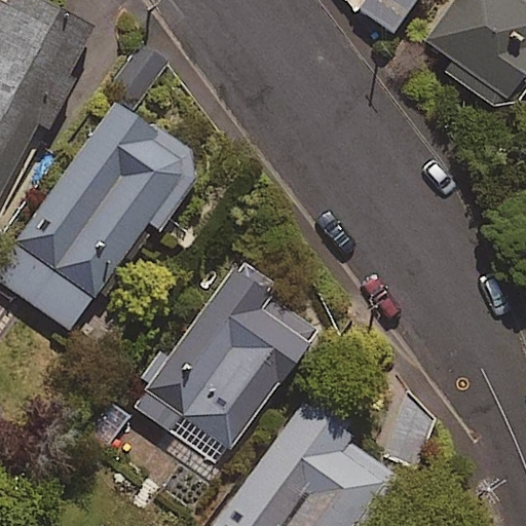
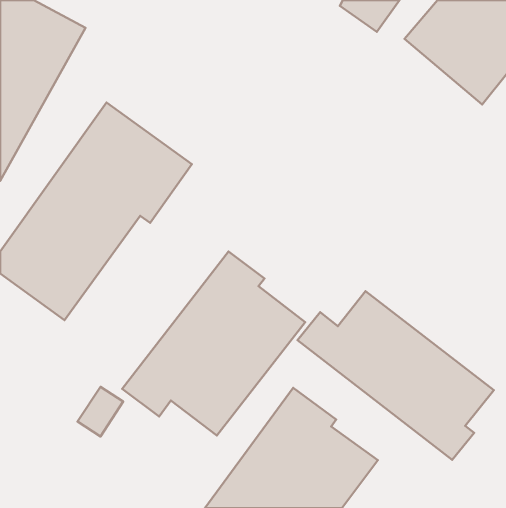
building: none -> [298,291,494,460]

